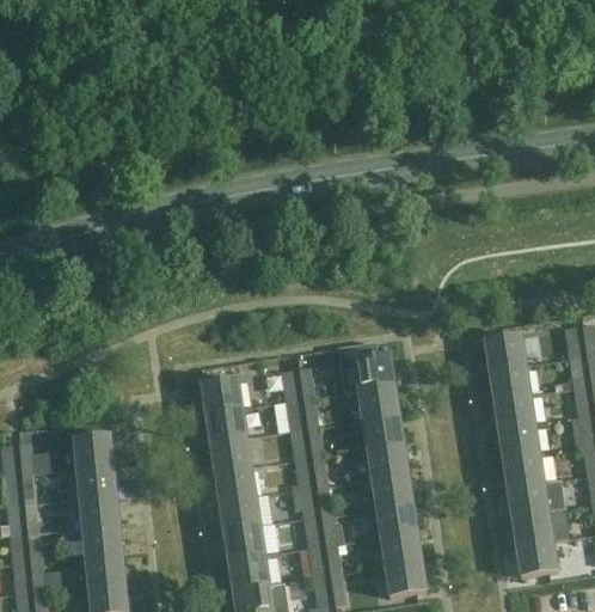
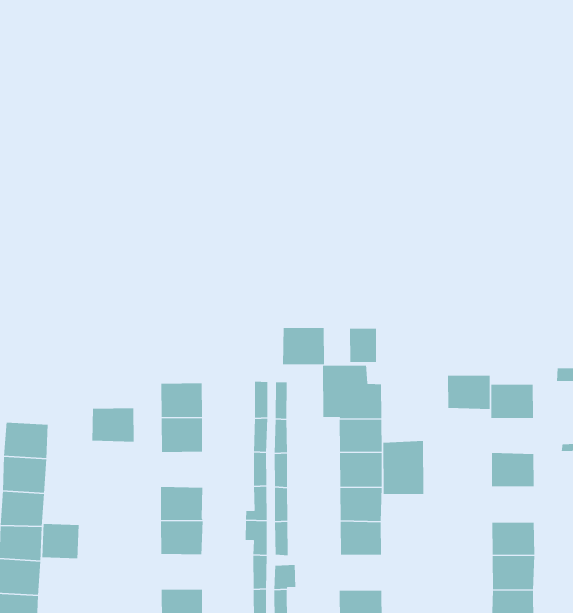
building: none -> [349,328,377,363]
building: none -> [282,327,325,365]
building: [489,365,530,399] -> [447,375,491,410]
building: none -> [383,440,424,495]
building: [498,423,540,459] -> none
building: [210,437,251,472] -> [91,408,134,442]
building: [378,502,418,538] -> none
building: none -> [41,523,80,559]
building: [223,526,264,561] -> none

